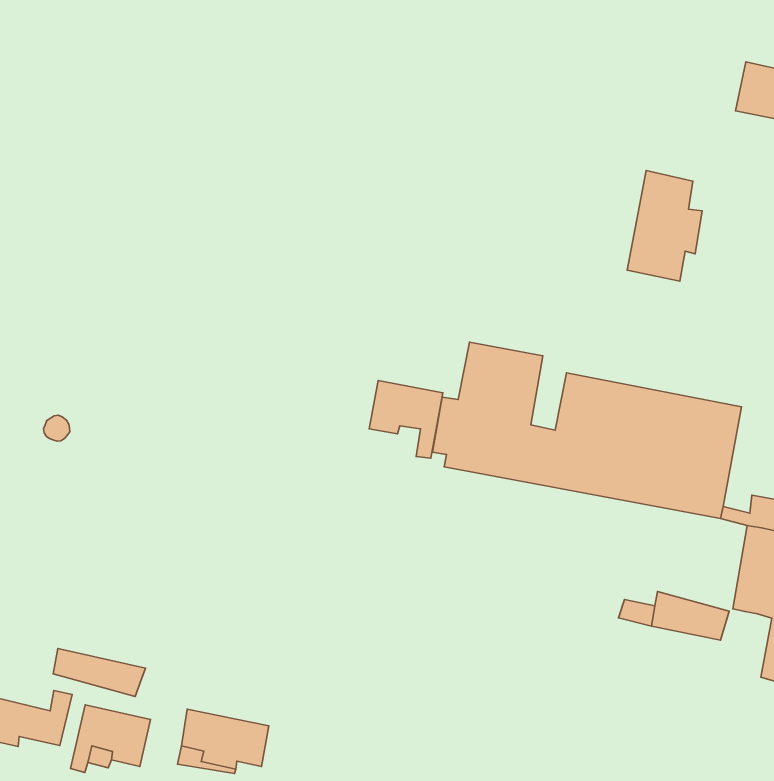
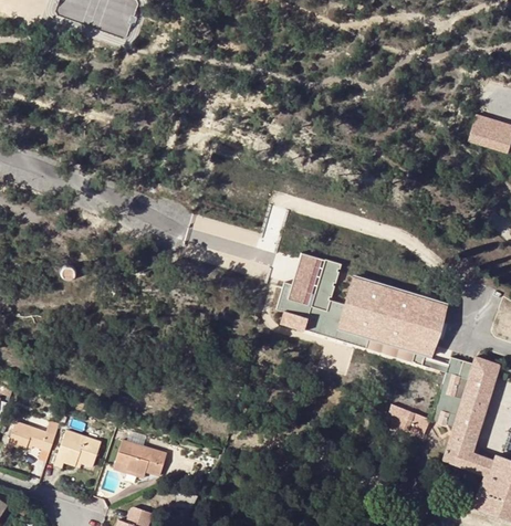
building: [627,171,702,281] -> none
building: [369,380,443,458] -> none
building: [53,649,146,696] -> none

